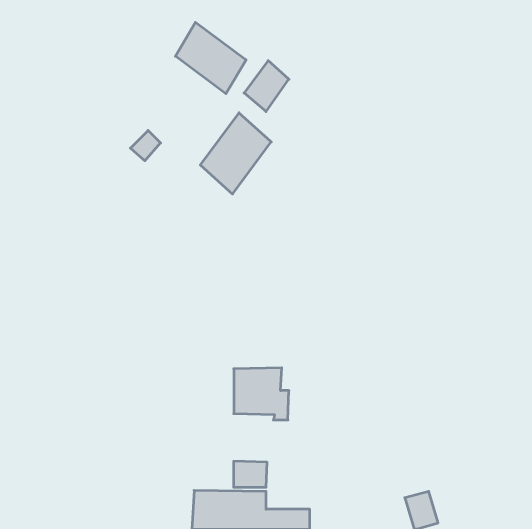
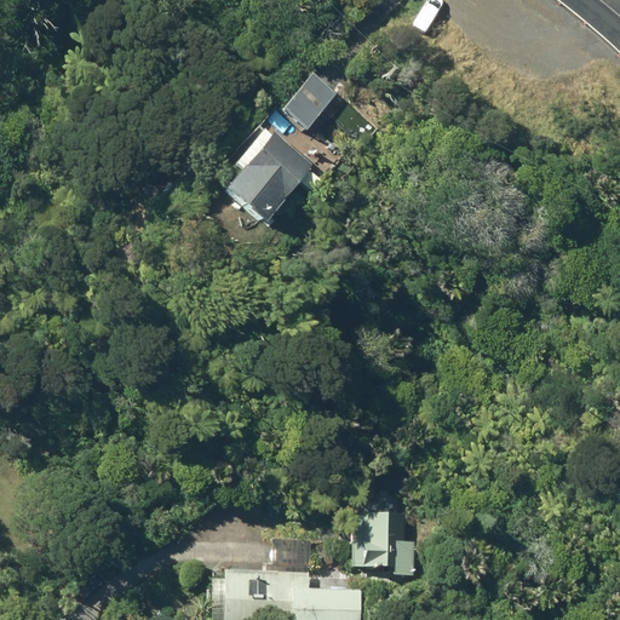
building: [175,22,246,94] -> none
building: [234,368,289,420] -> [349,512,413,573]

